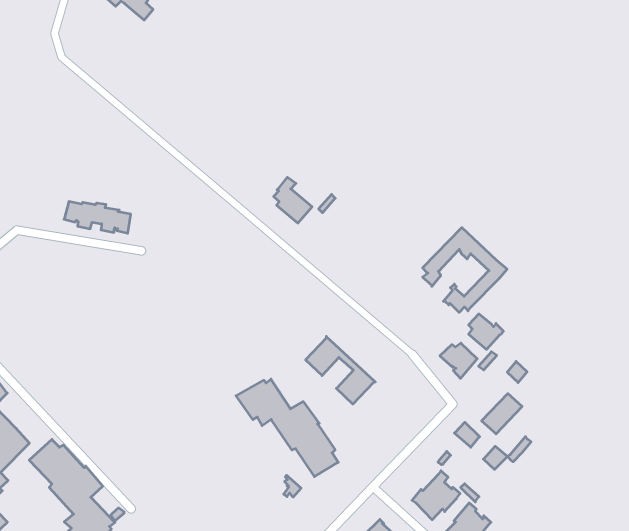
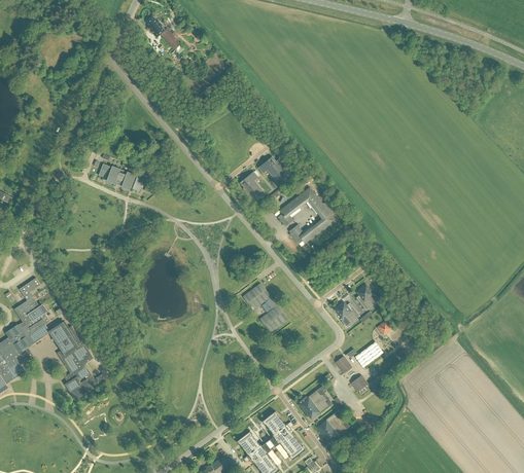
building: none -> [258,157,289,184]
building: [423,228,507,312] -> [278,187,336,244]
building: [236,379,338,477] -> none

